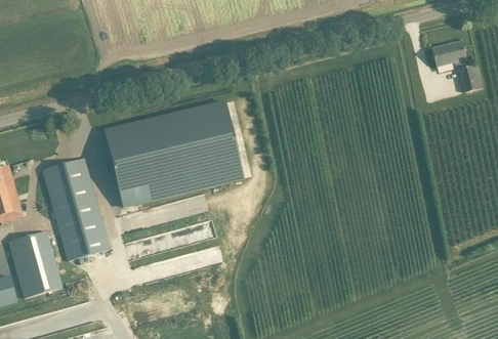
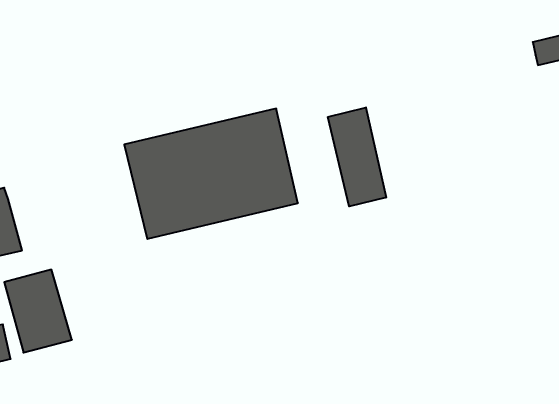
building: none -> [328,107,386,206]
building: [44,158,109,260] -> none

